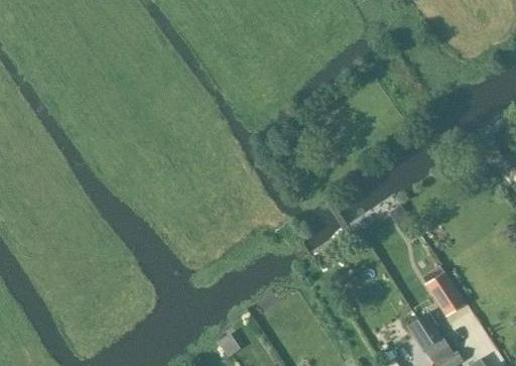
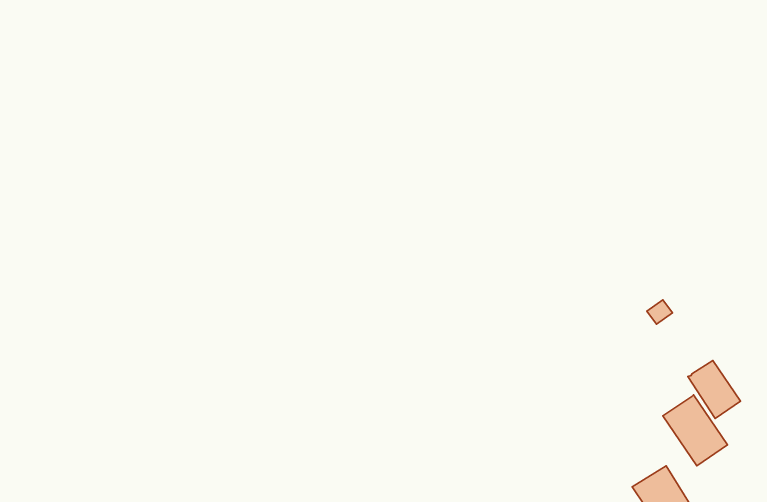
building: none -> [688,360,740,418]

